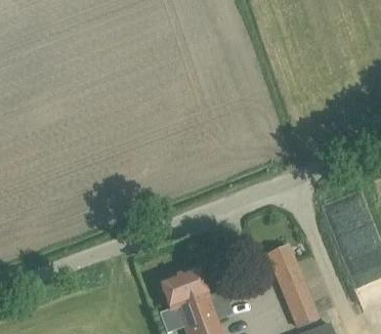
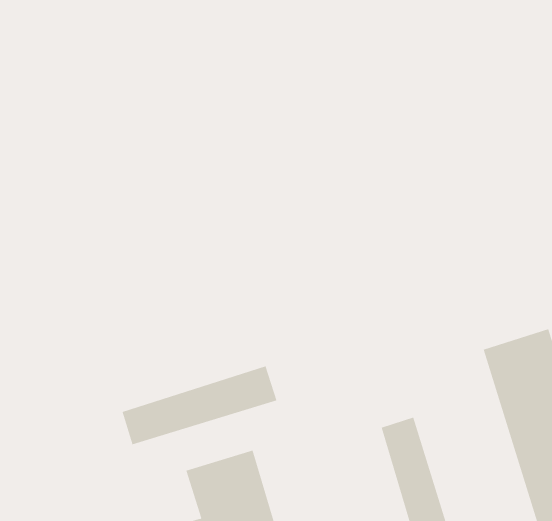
building: none -> [122,366,277,445]

